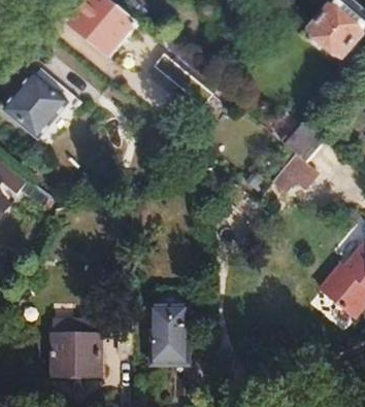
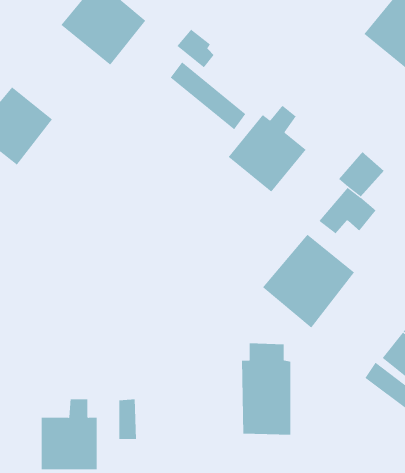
building: none -> [228,105,306,193]
building: none -> [262,234,355,329]
building: [150,292,189,364] -> [241,343,291,435]

